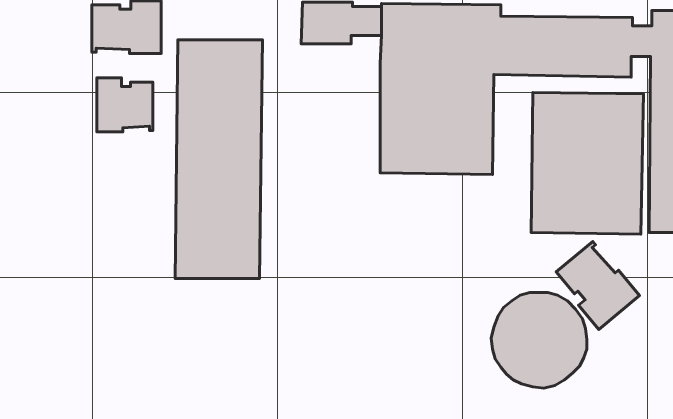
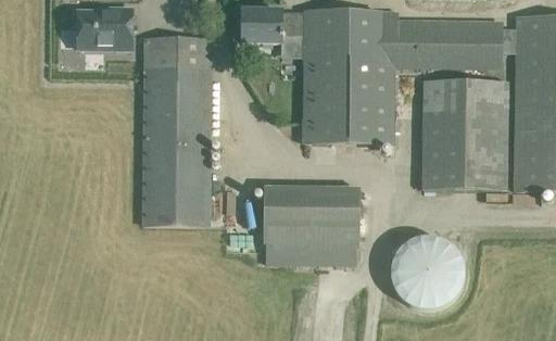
building: [97,78,153,132] -> none
building: none -> [267,187,359,265]
building: [556,241,639,329] -> none

